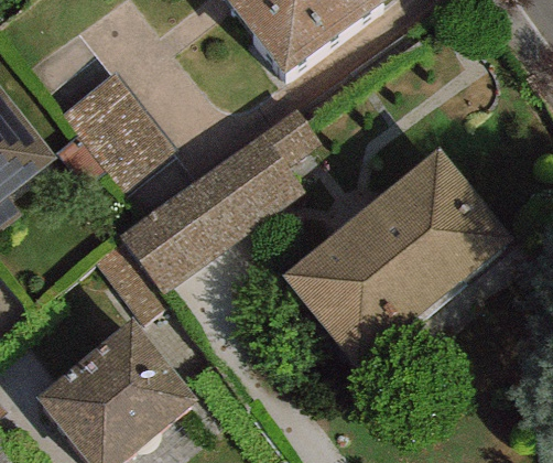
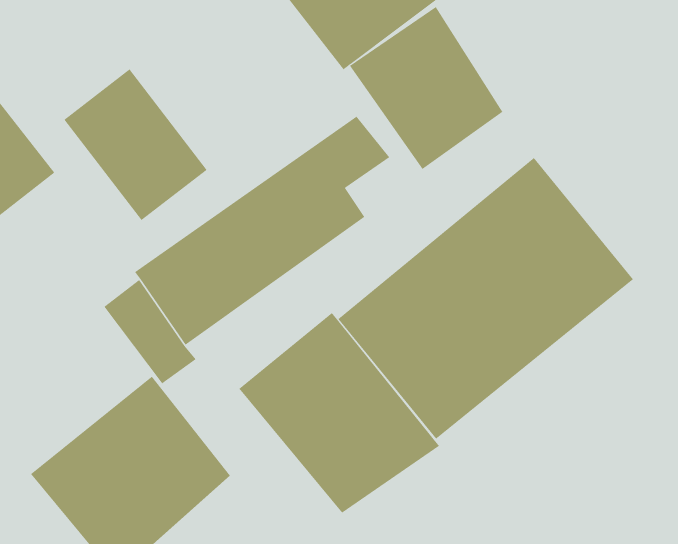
building: none -> [349,6,503,170]
building: none -> [238,312,440,514]

